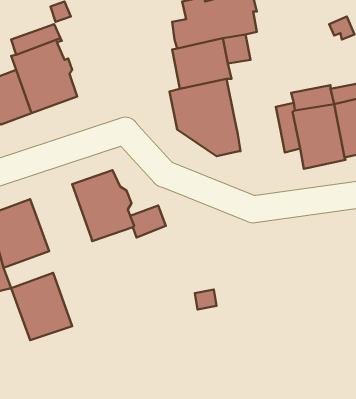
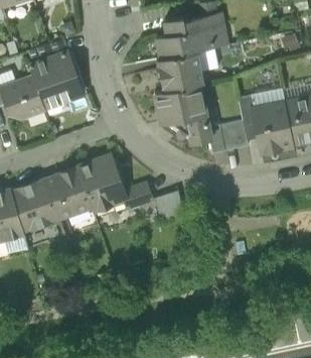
building: none -> [209,121,248,153]
building: none -> [152,191,184,222]
building: [11,273,72,340] -> [44,166,93,220]

